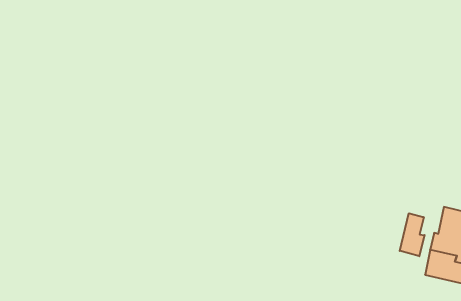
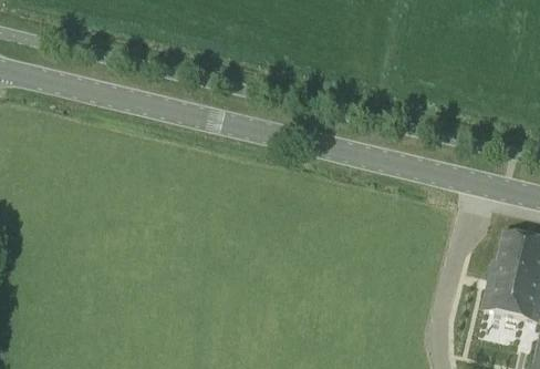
building: [400,213,425,256] -> none

